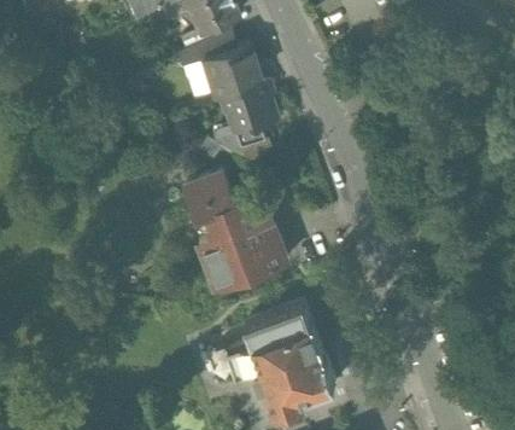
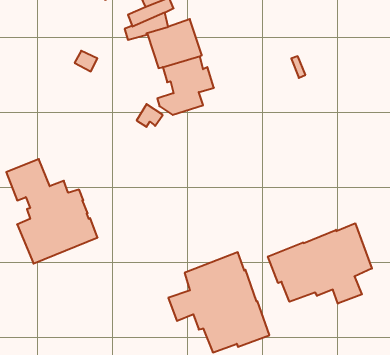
building: [185,173,286,289] -> [6,159,98,264]
building: none -> [268,223,372,304]

